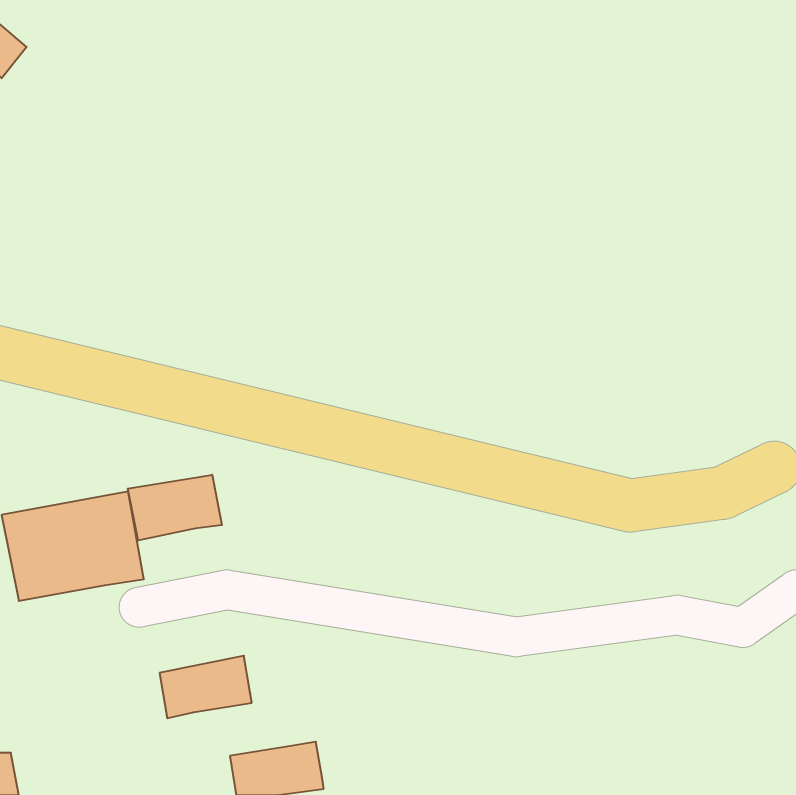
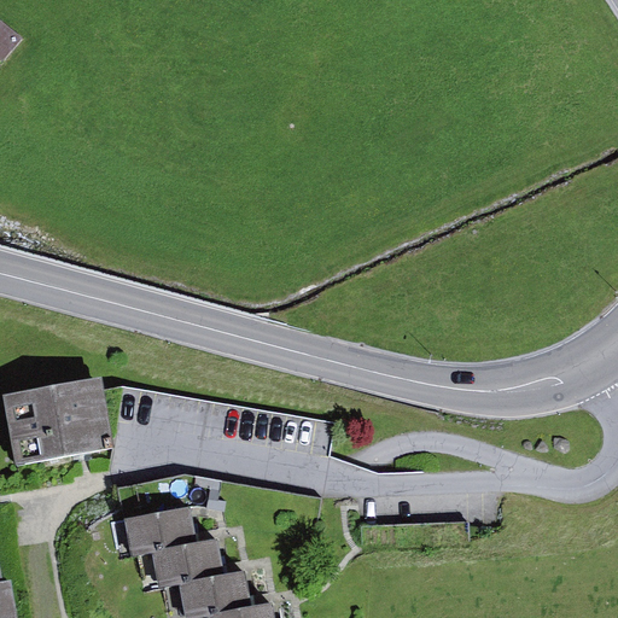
building: [128,475,222,541] -> none
building: none -> [150,538,222,587]

